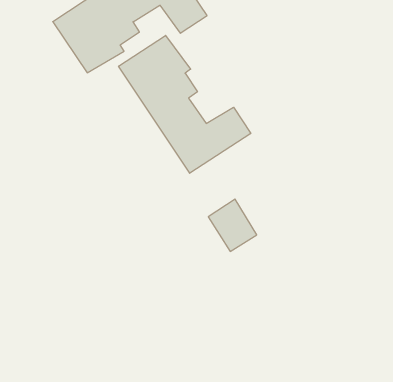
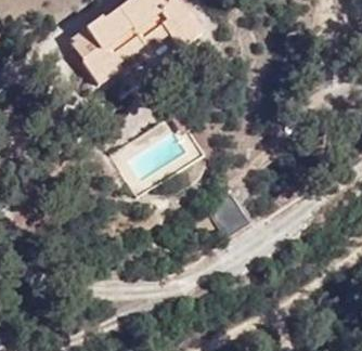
building: [119,35,251,173] -> none

